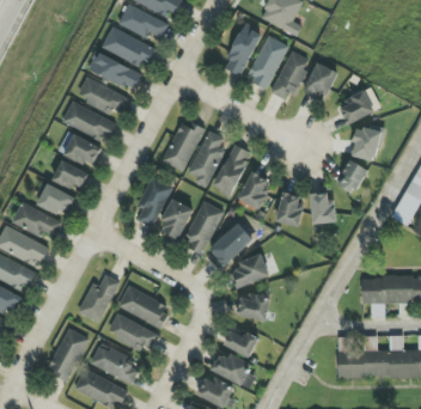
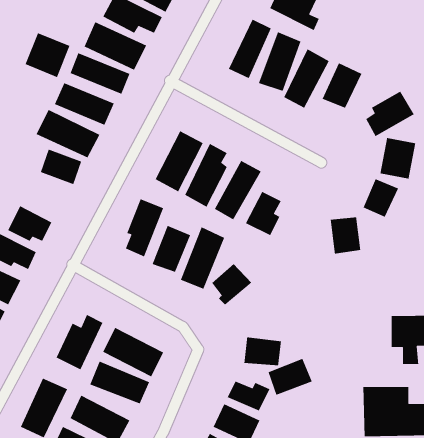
building: none -> [24,32,71,78]
building: [53,160,89,191] -> none
building: [276,193,304,226] -> none
building: [231,256,269,288] -> [267,358,313,396]

